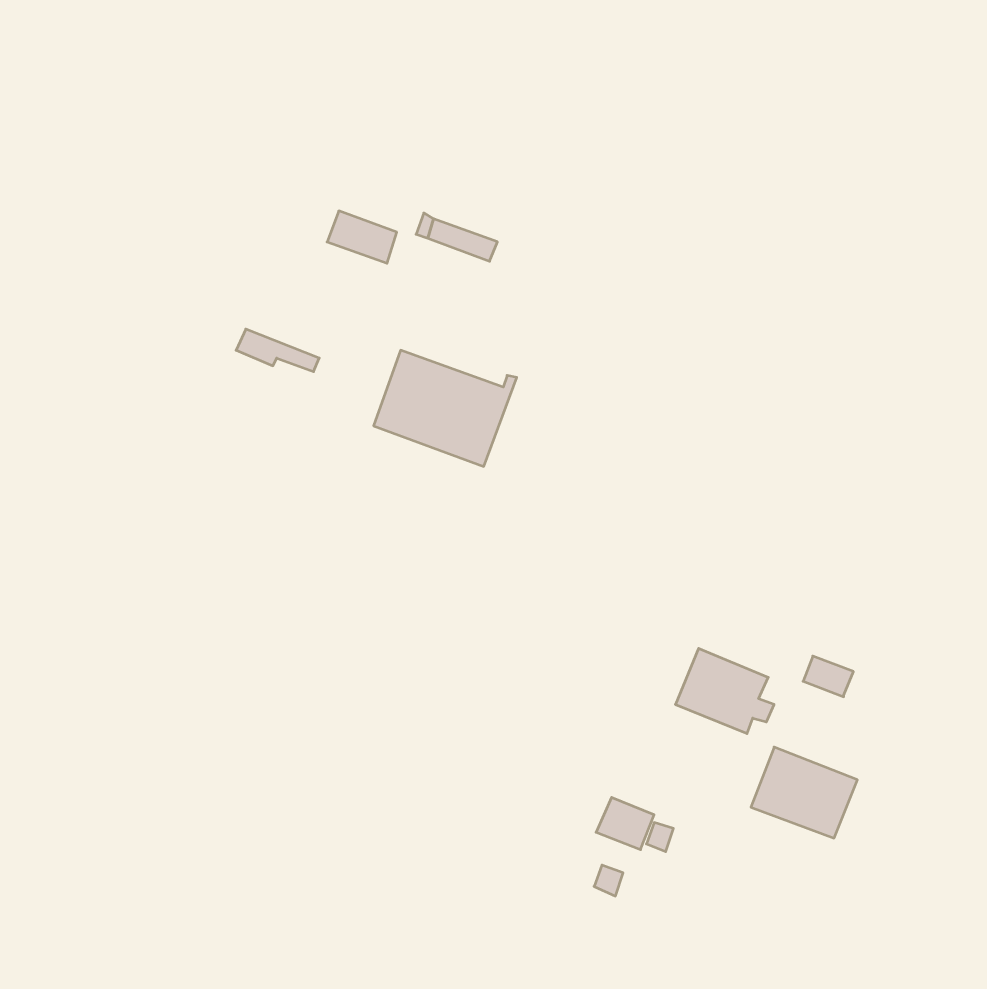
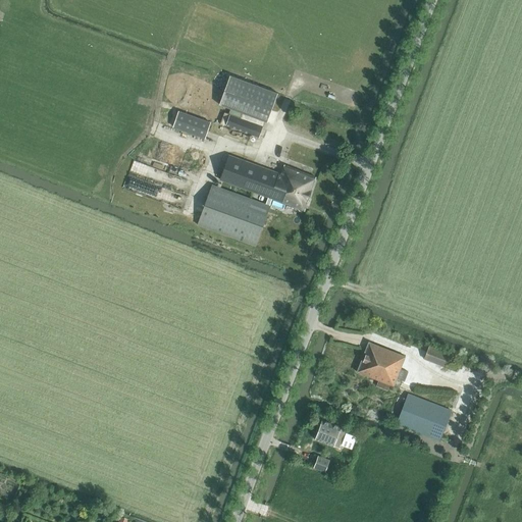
building: none -> [218,75,277,122]
building: none -> [219,155,315,210]

